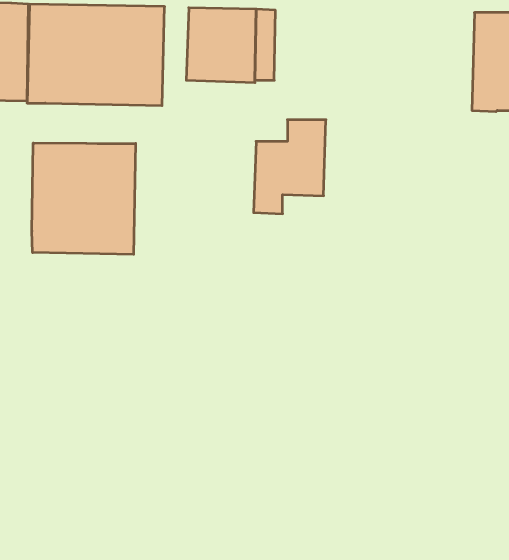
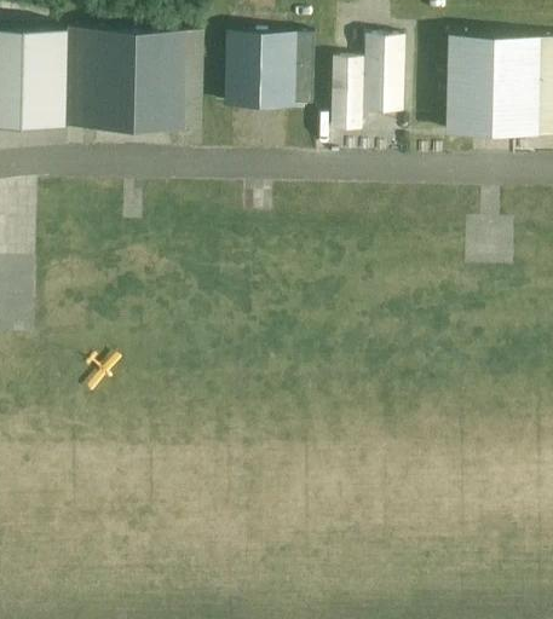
building: none -> [445,36,513,135]
building: [254,120,326,214] -> [330,37,403,132]
building: [32,143,136,254] -> none

